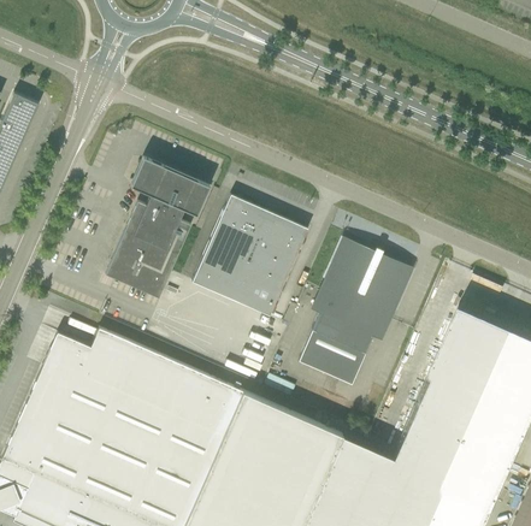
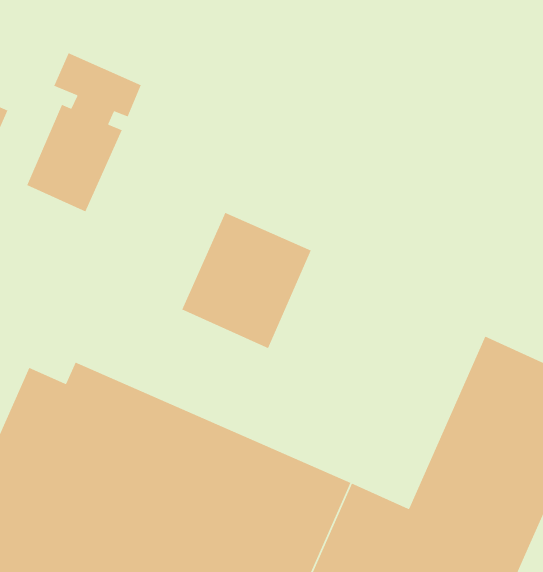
building: [105,156,207,299] -> [26,52,142,213]
building: [297,238,411,385] -> none

